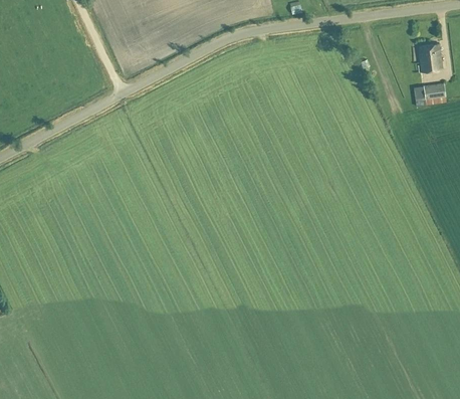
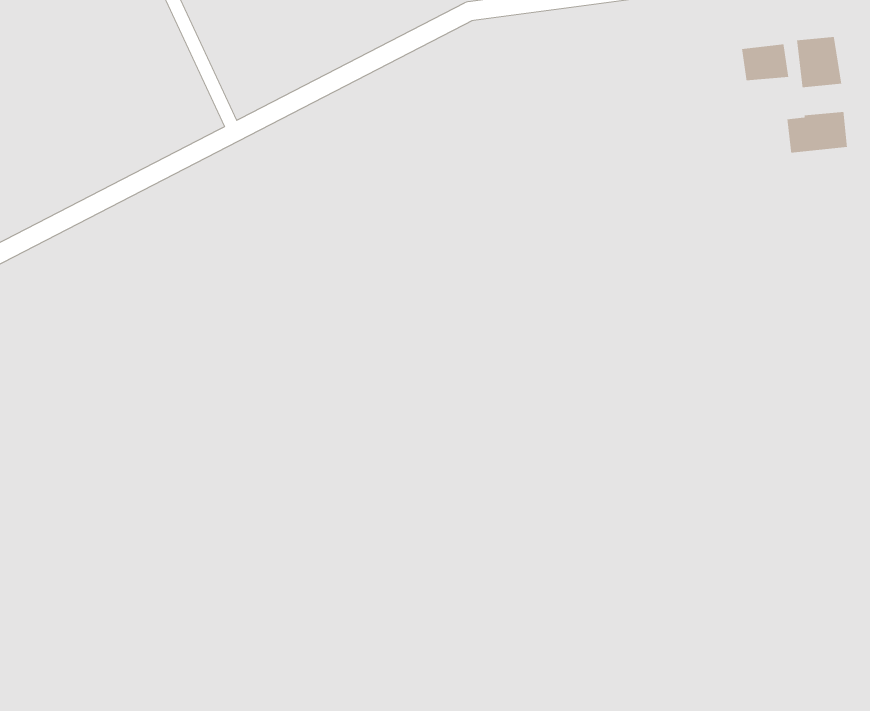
building: none -> [741,43,789,81]

